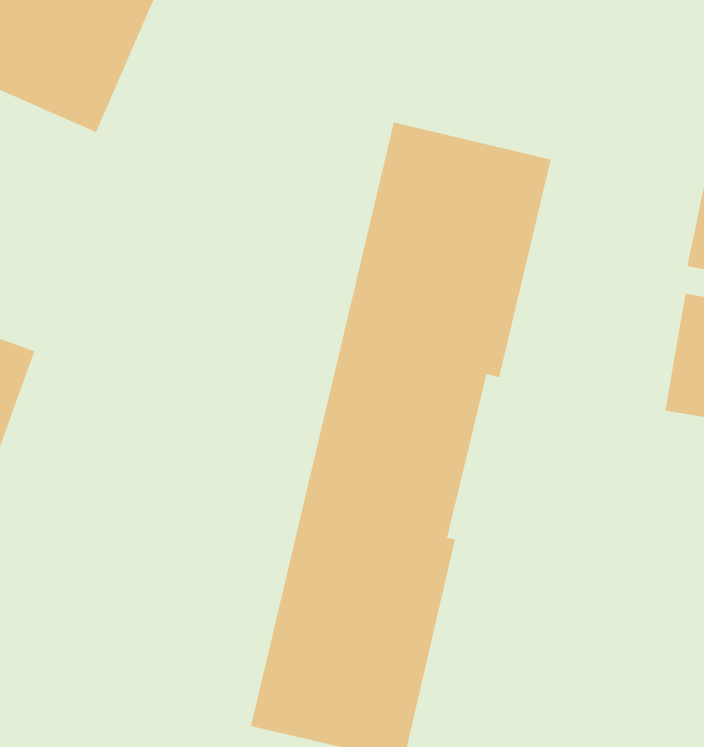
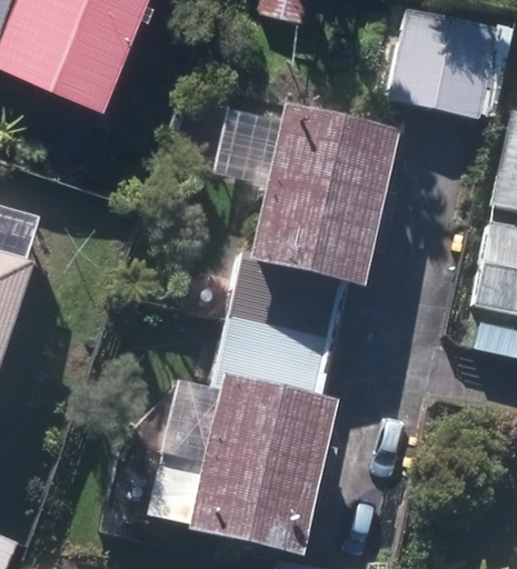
building: none -> [379,17,486,123]

